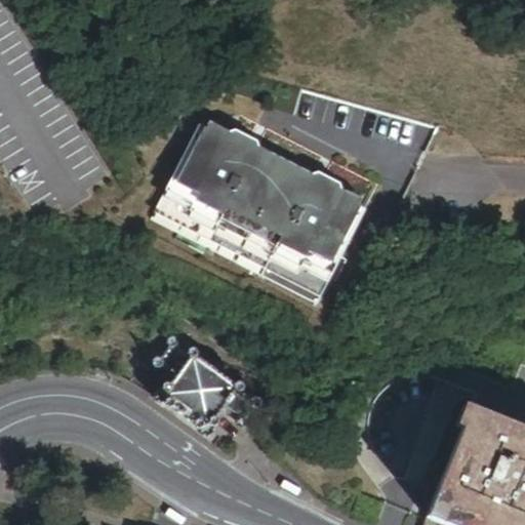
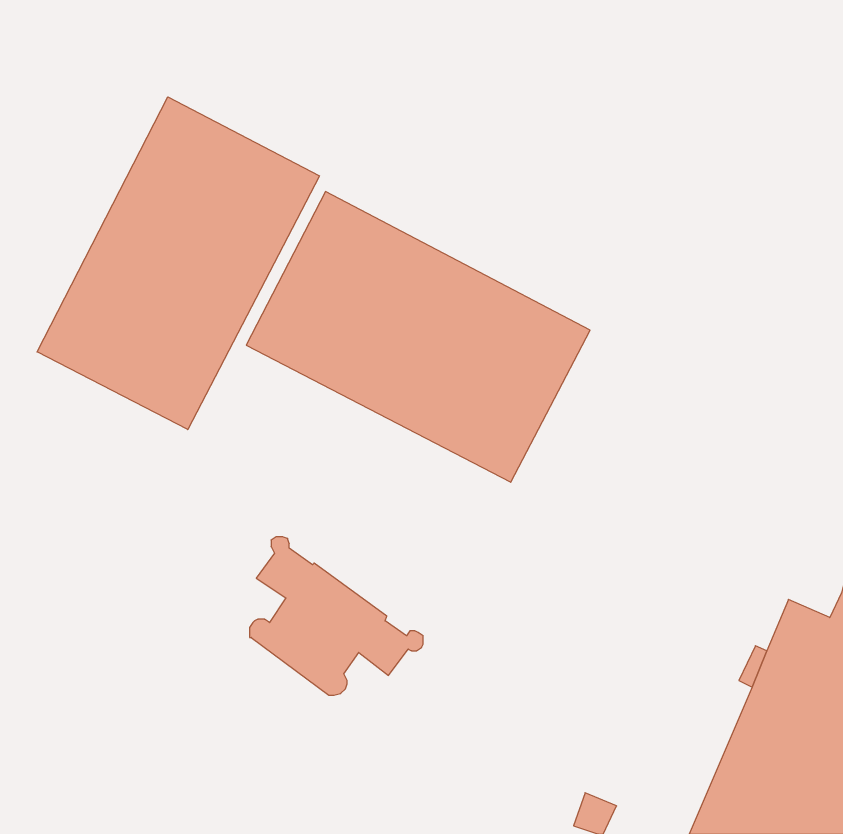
building: none -> [37,97,319,430]

